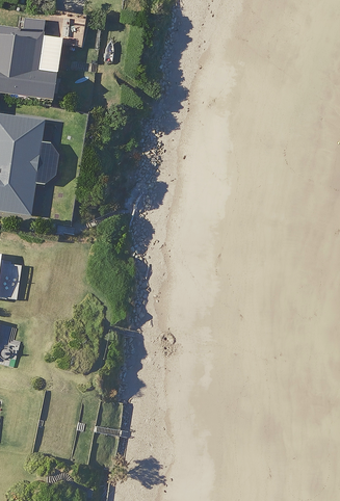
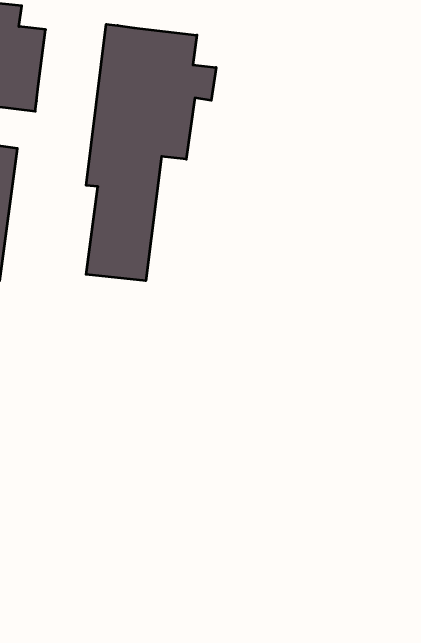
building: none -> [86,24,216,281]

